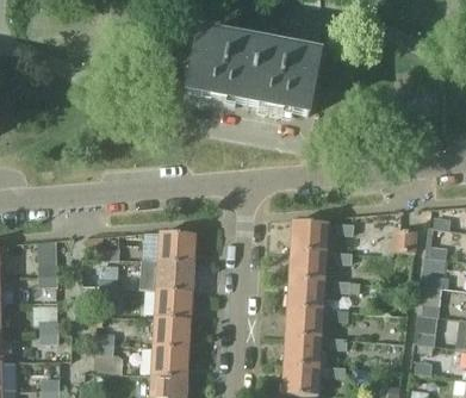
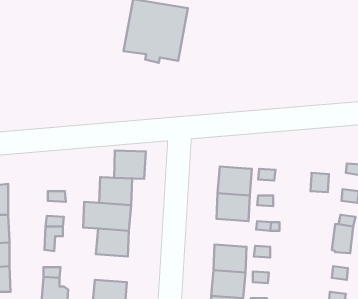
building: [247,43,319,114] -> none
building: none -> [114,150,146,179]
building: [287,278,325,309] -> none
building: [154,317,191,348] -> none

